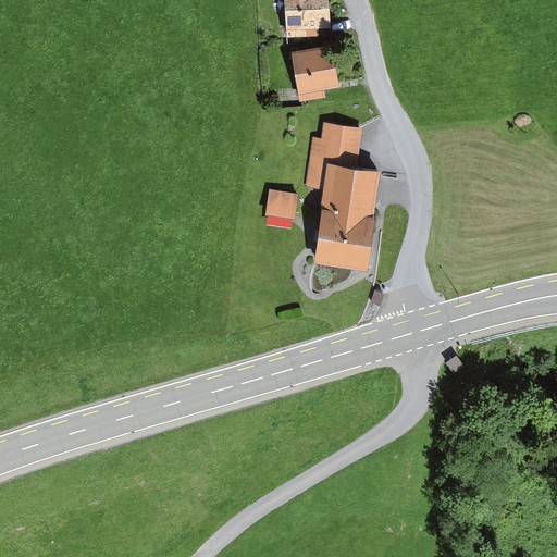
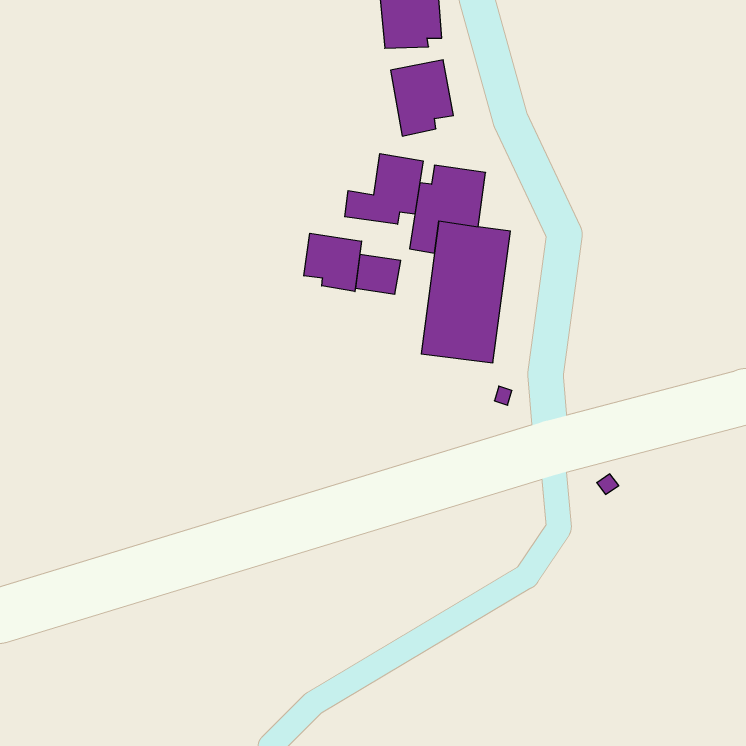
building: none -> [345,154,423,224]
building: none -> [304,233,362,292]

